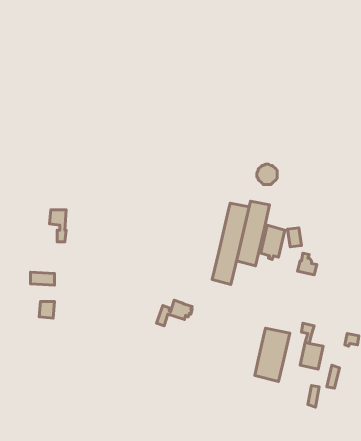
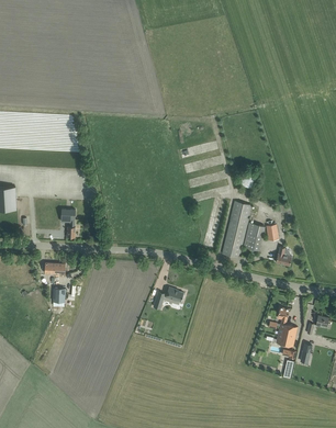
building: [212,203,249,285] -> none
building: [255,328,290,381] -> none

